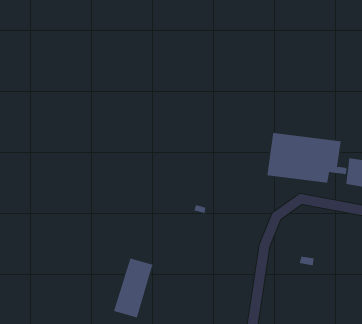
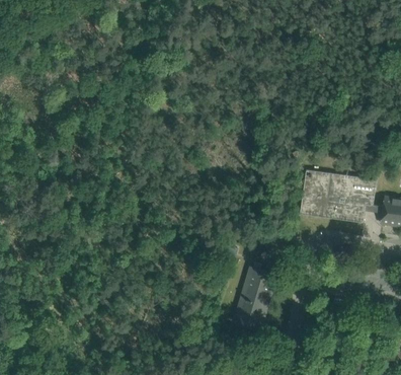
building: [113,258,153,318] -> [235,267,276,329]

